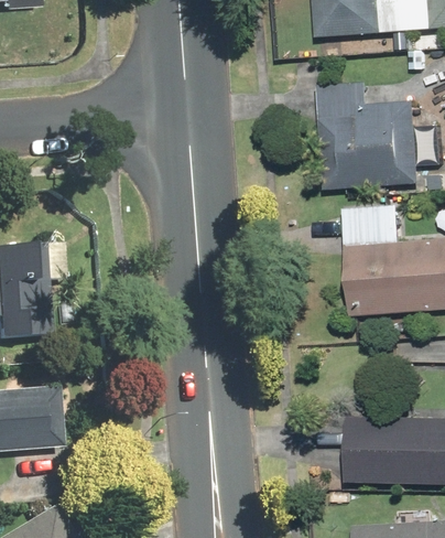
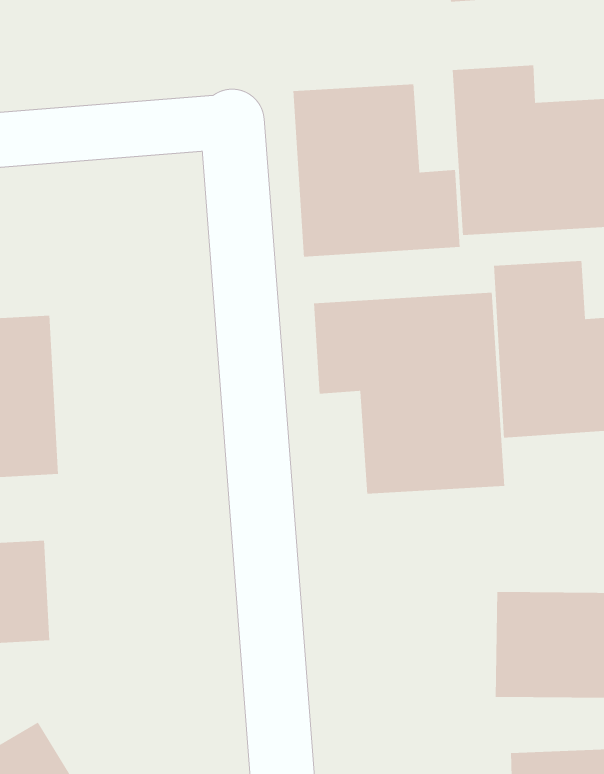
building: none -> [292,84,461,257]
building: none -> [313,292,505,494]

